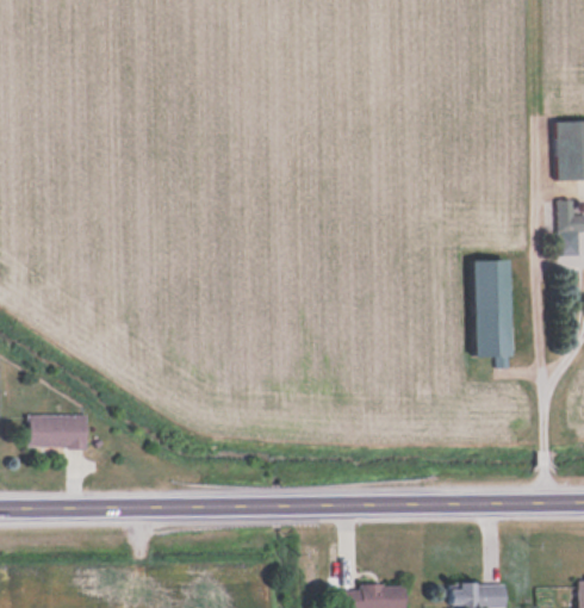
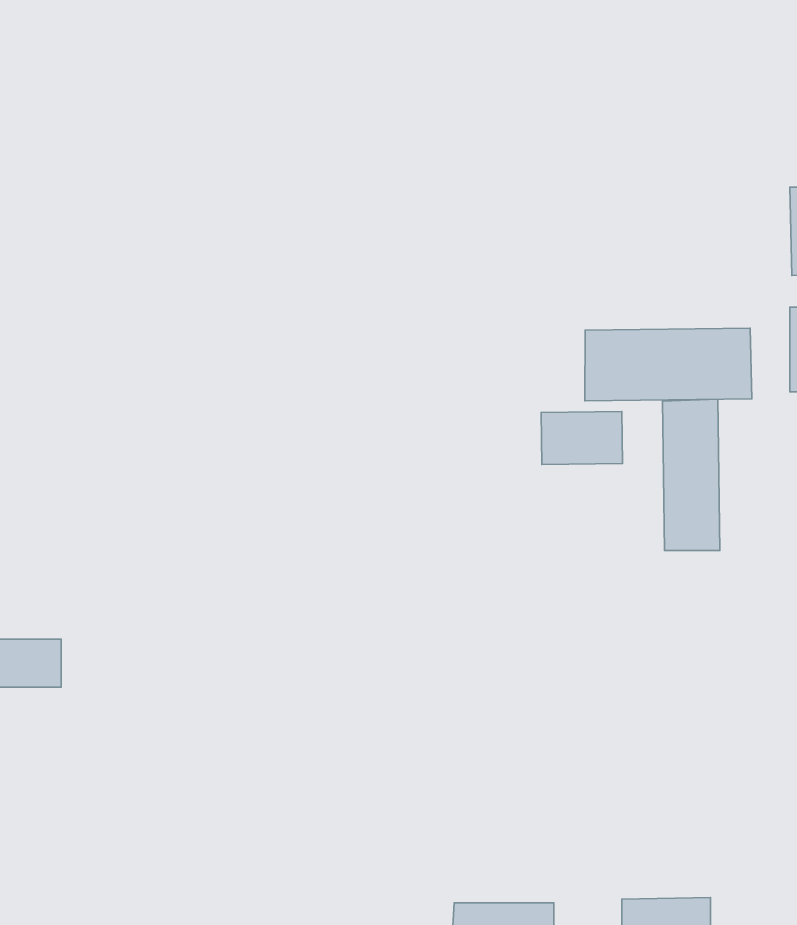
building: none -> [585,328,752,401]
building: none -> [541,412,622,464]

